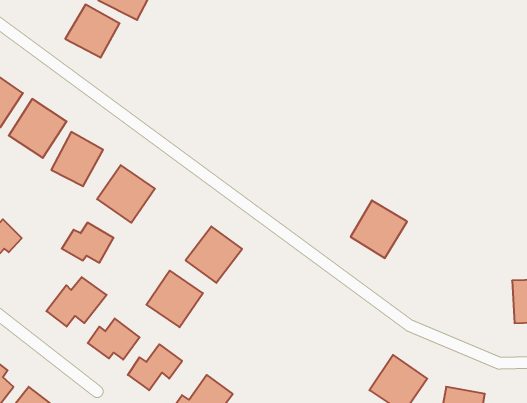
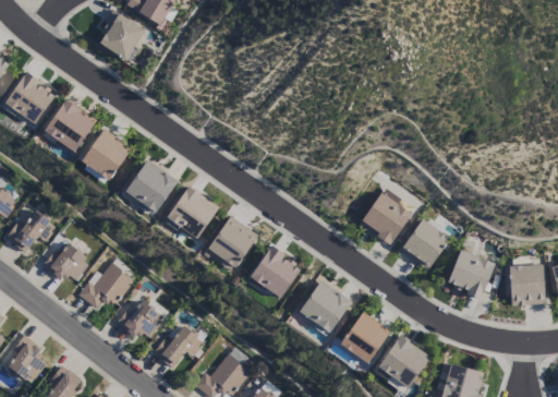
building: [62,223,114,263] -> [43,244,90,281]
building: none -> [400,219,449,270]
building: none -> [250,246,303,299]
building: none -> [447,250,495,298]
building: [146,271,203,327] -> [167,185,219,238]
building: none -> [300,279,352,333]
building: none -> [340,311,391,364]

